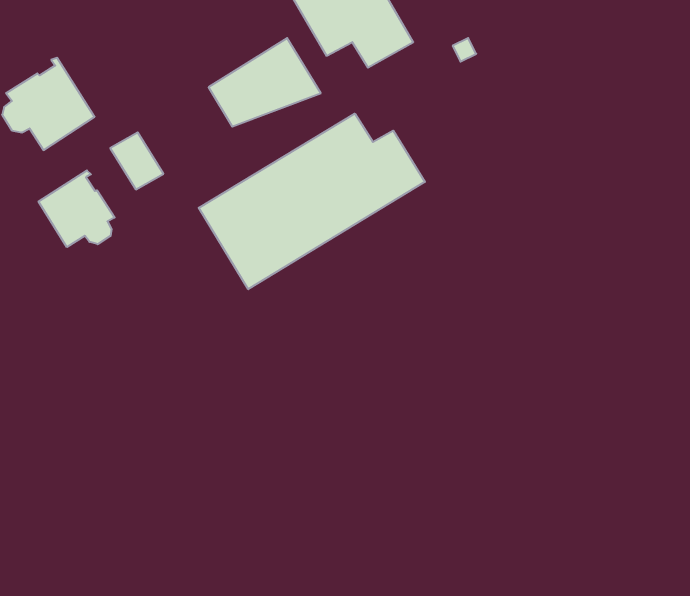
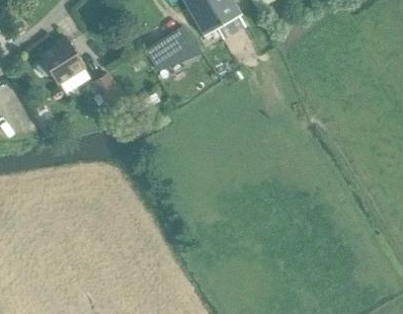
building: [199,114,425,289] -> none
building: [39,170,115,247] -> none

